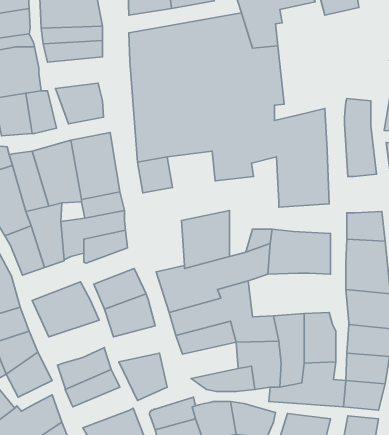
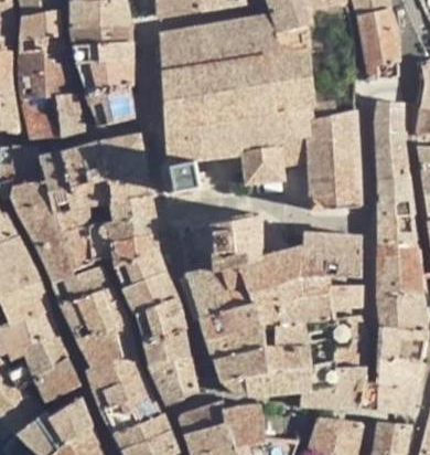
building: none -> [356,9,400,80]
building: none -> [77,59,132,91]
building: none -> [378,177,413,215]
building: none -> [116,251,164,287]
building: none -> [53,264,110,304]
building: none -> [279,276,362,320]
building: none -> [78,324,135,367]
building: none -> [143,329,190,366]
building: none -> [213,346,269,382]
building: none -> [103,391,160,432]

